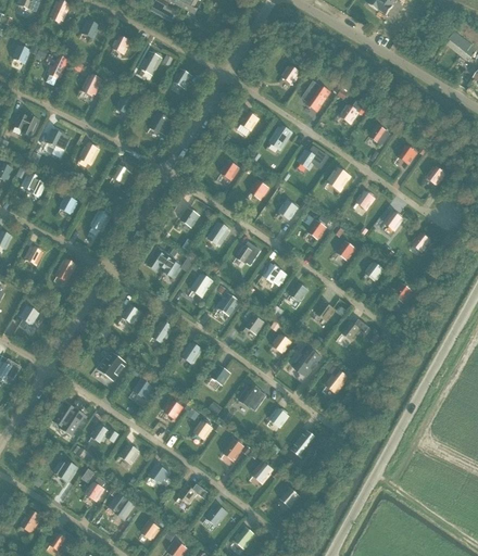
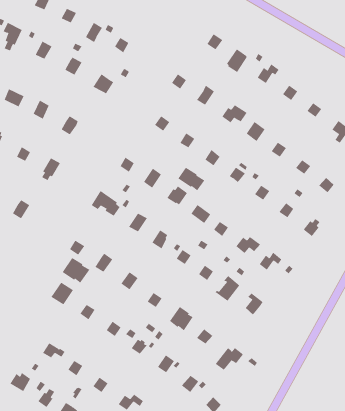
building: none -> [177,167,205,191]
building: none -> [62,257,90,283]
building: [54,403,84,434] -> none

